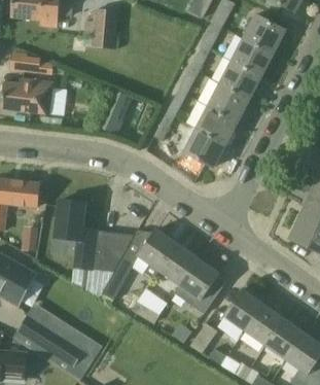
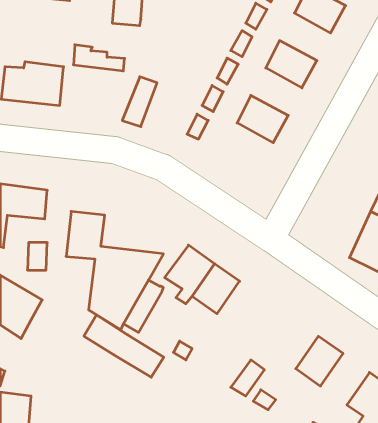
building: [230,37,273,76] -> none
building: [9,56,51,77] -> [73,45,125,71]
building: [207,82,249,121] -> none
building: [183,128,225,167] -> none
building: [173,258,223,315] -> none
building: [222,288,262,330] -> none
building: [19,315,84,366] -> [84,315,164,377]
building: [264,318,305,360] -> none

